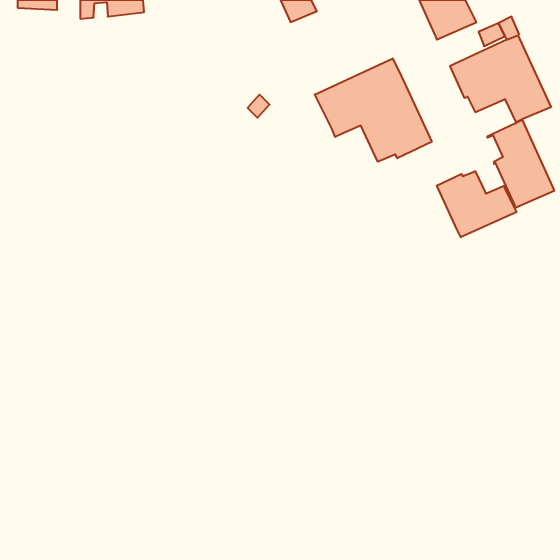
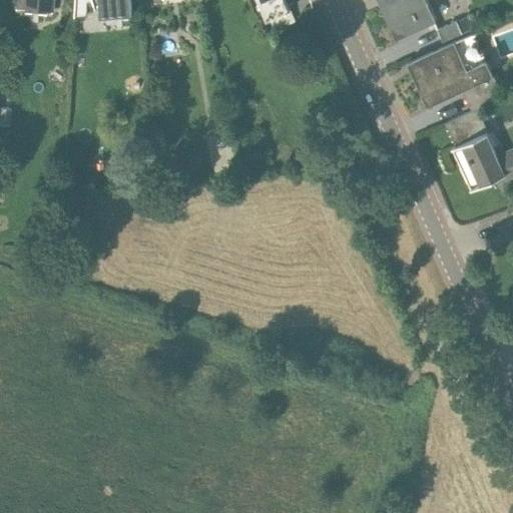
building: [315,58,432,162] -> none
building: [437,171,516,237] -> none

